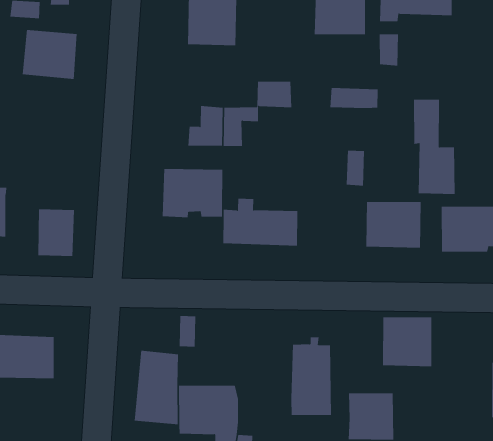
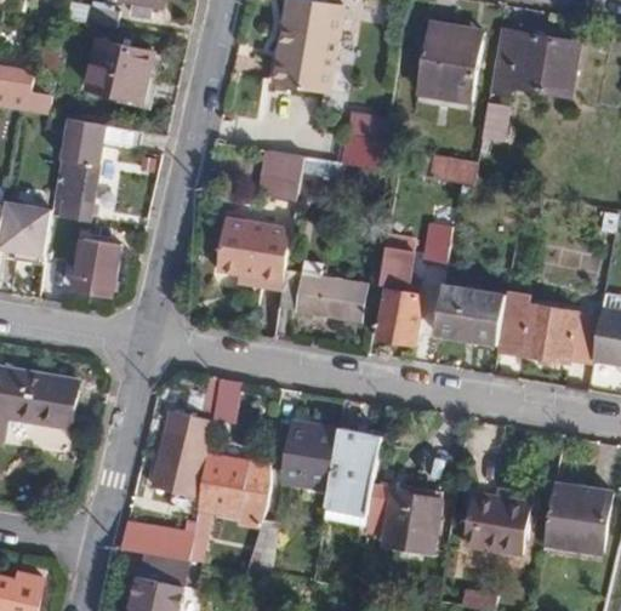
building: [413,99,456,194] -> [375,234,423,346]
building: none -> [53,118,138,222]
building: [382,317,432,367] -> [465,492,528,555]
building: none -> [281,421,337,489]

